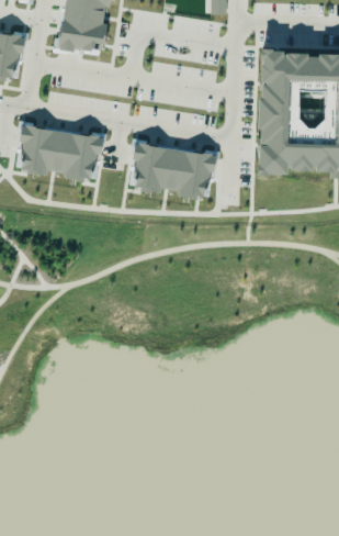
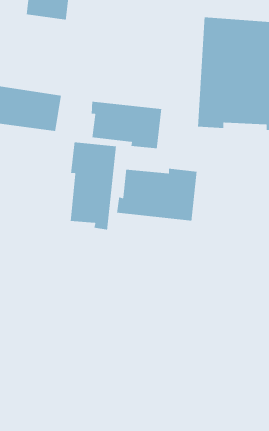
building: none -> [70,141,117,230]
building: none -> [116,168,197,222]

